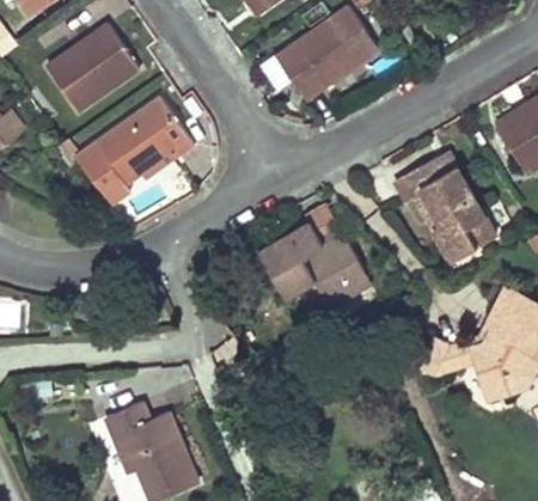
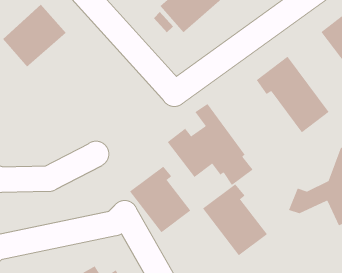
building: [74,100,192,207] -> none
building: none -> [129,166,191,233]
building: none -> [202,184,268,256]

